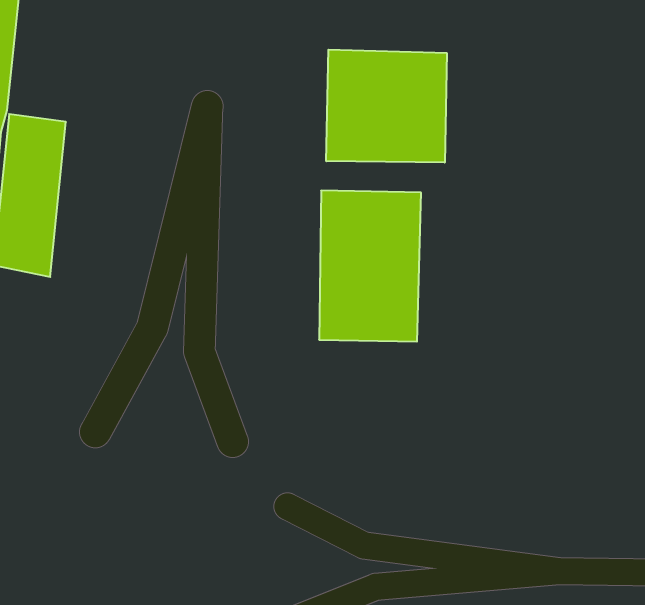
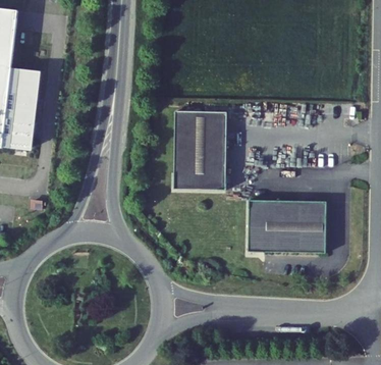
building: [326,50,447,163] -> none
building: none -> [248,200,326,254]

